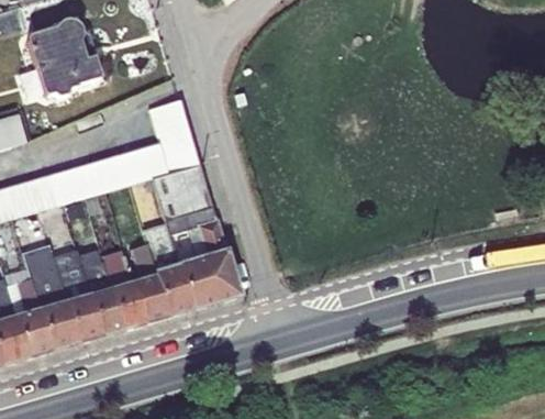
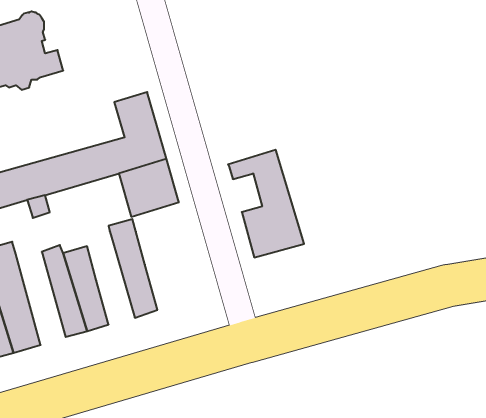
building: [166,205,240,309] -> [228,150,304,257]
building: [132,244,169,323] -> none
building: [54,247,102,343] -> none

